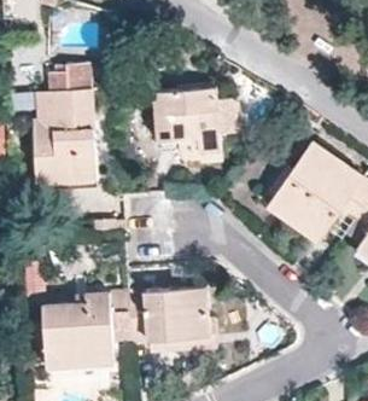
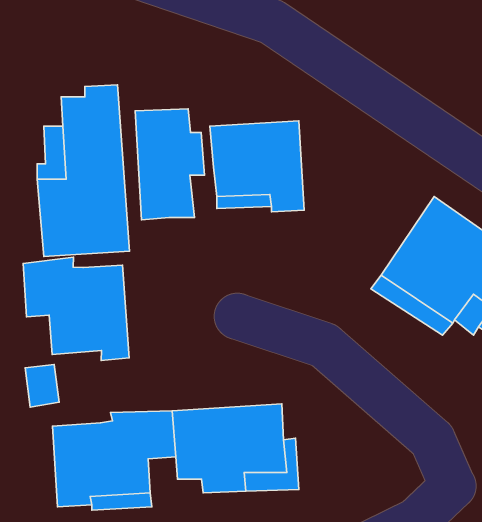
building: none -> [135,109,204,220]
building: none -> [23,257,129,360]

